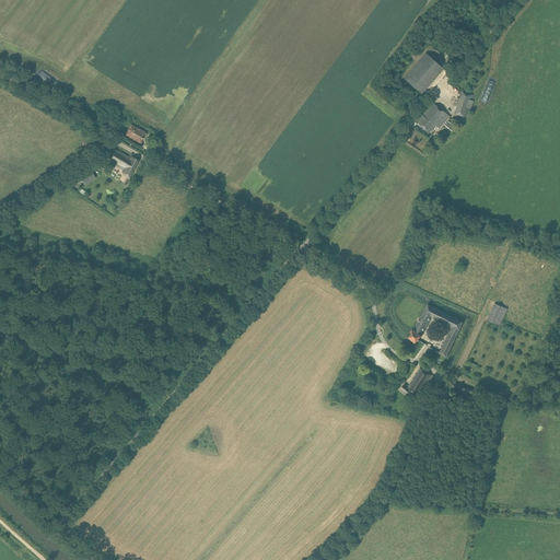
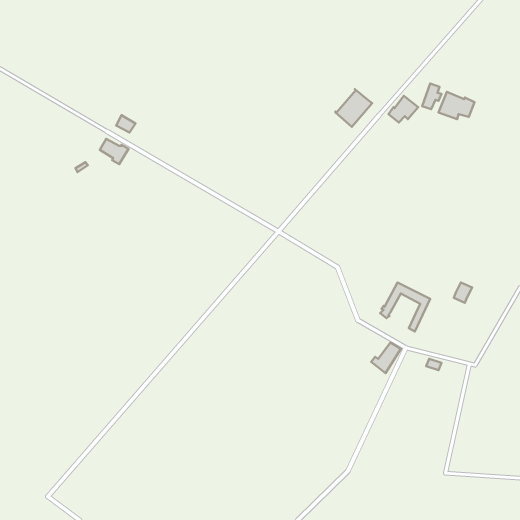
building: [404,52,443,93] -> [336,89,372,127]
building: none -> [439,92,475,119]

